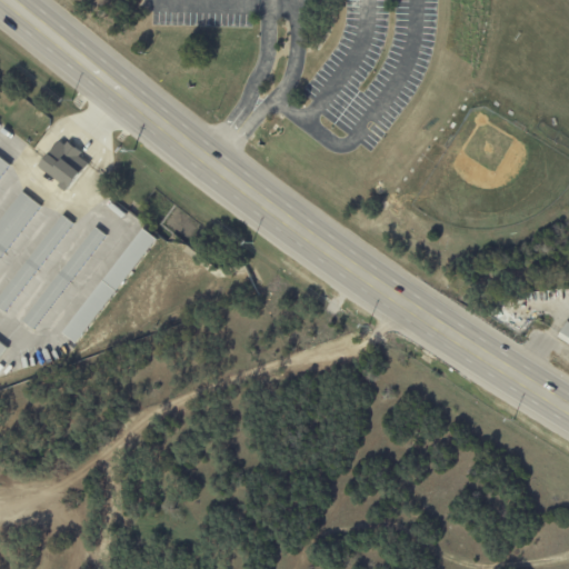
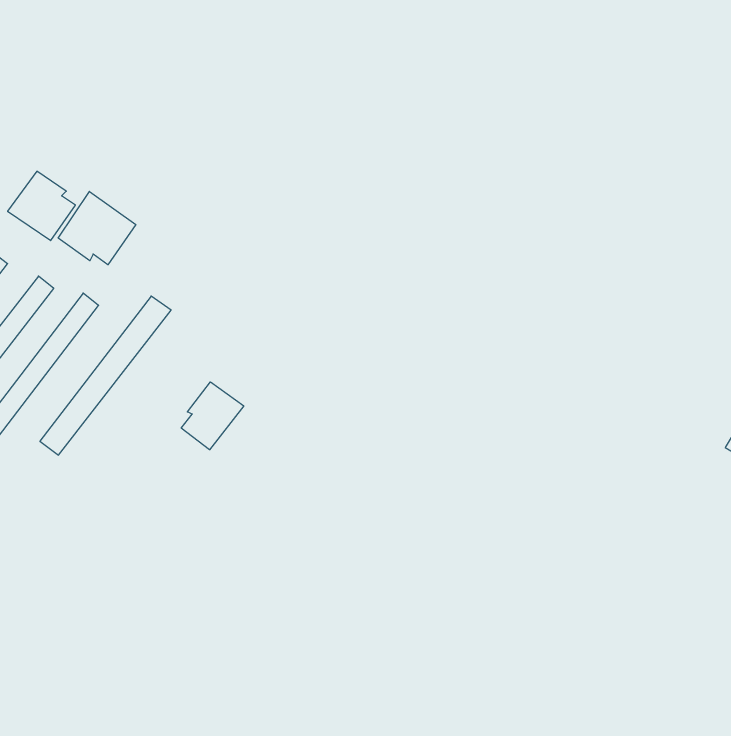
building: none -> [58,191,136,265]
building: none -> [181,382,244,450]

